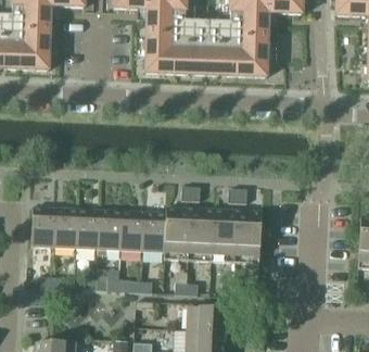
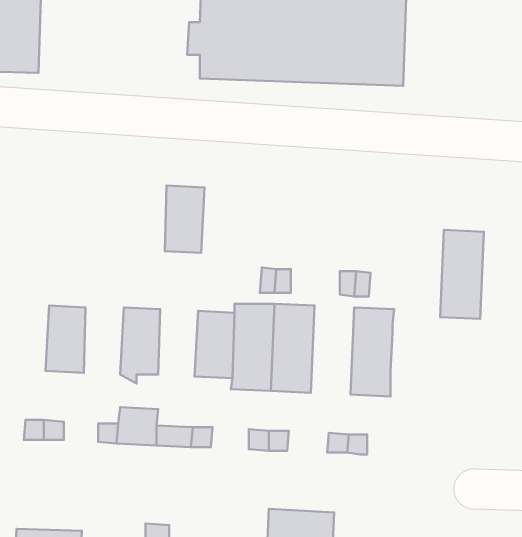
building: [31,208,55,248] -> none
building: [212,209,238,262] -> [440,230,484,319]
building: [76,210,100,250] -> none
building: [120,211,144,251] -> [165,186,205,253]
building: [187,307,227,332] -> none

